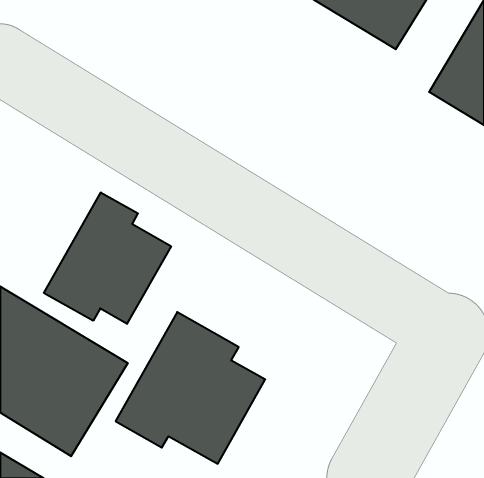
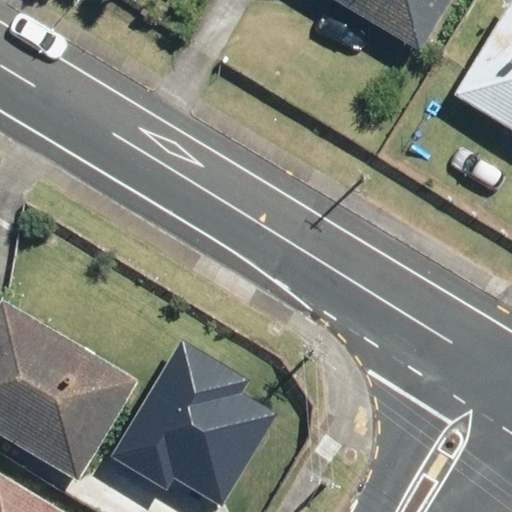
building: [44,192,171,324] -> none

